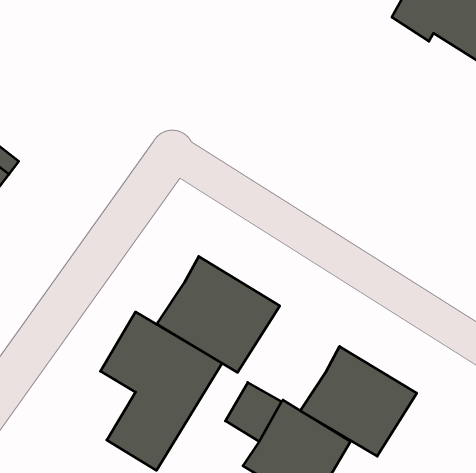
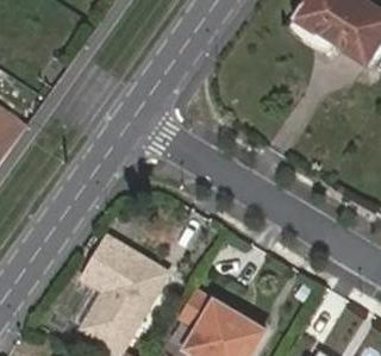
building: [157,256,280,372] -> none
building: [301,346,417,456] -> none

